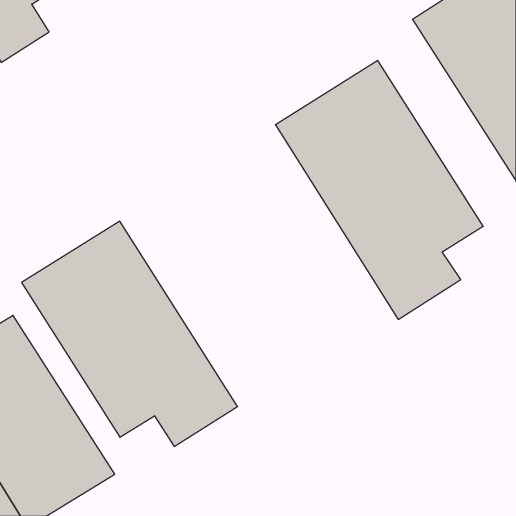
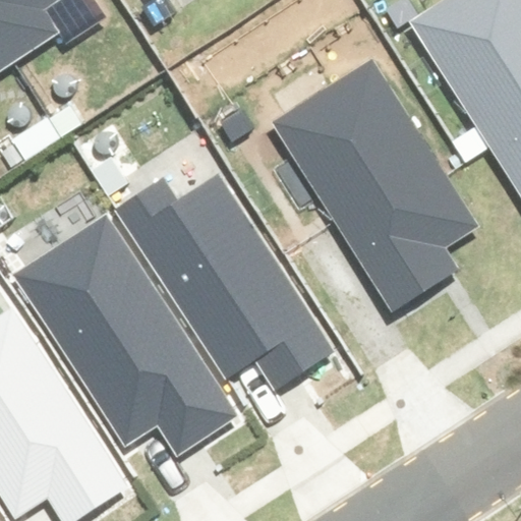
building: none -> [119,188,322,404]

